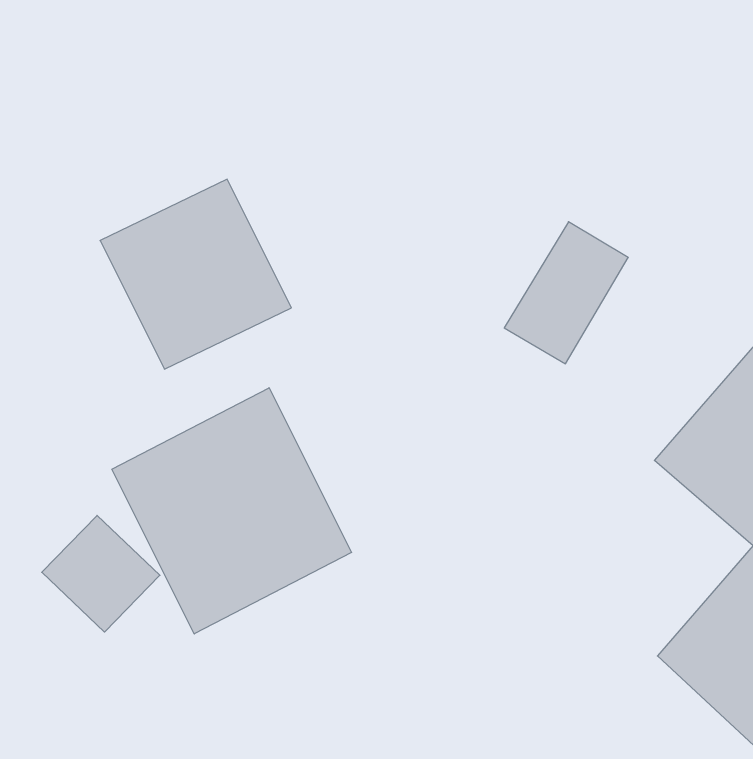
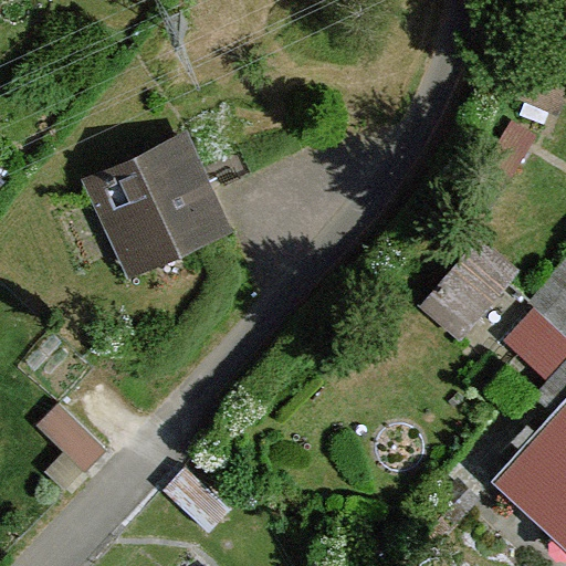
building: [504,222,628,364] -> [434,226,526,331]
building: [112,388,352,634] -> none

